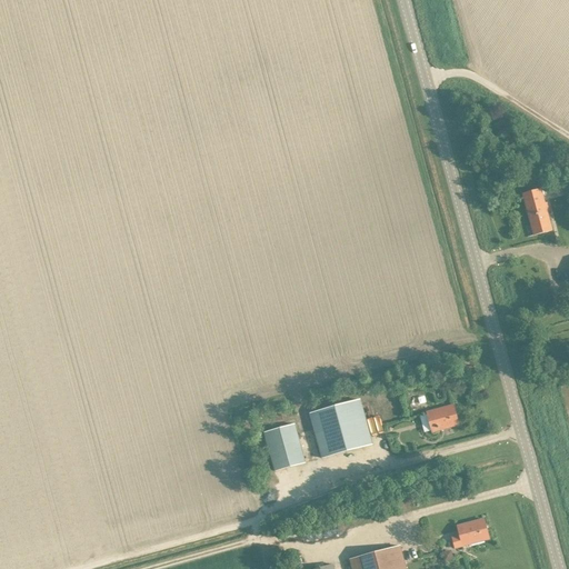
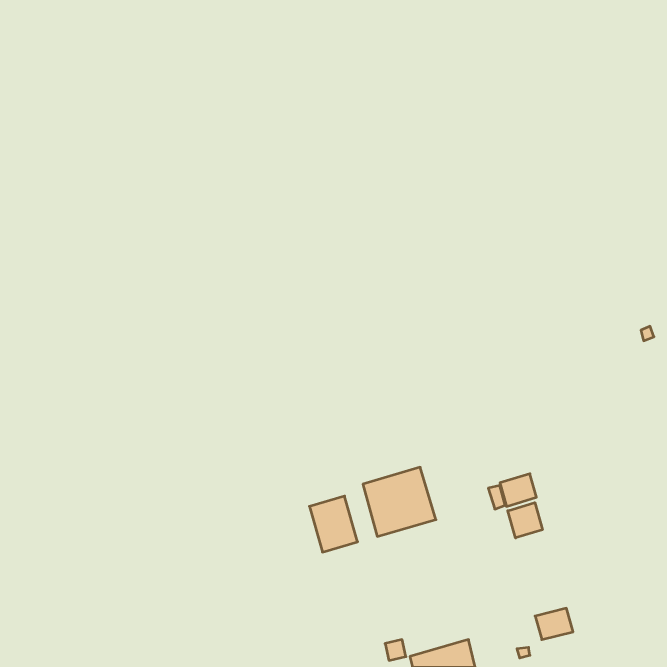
building: [521,188,550,236] -> none
building: none -> [508,503,542,538]

